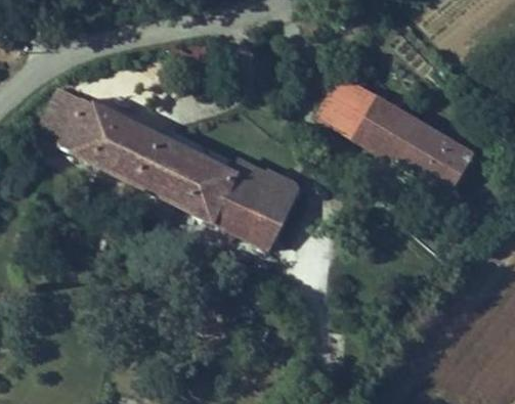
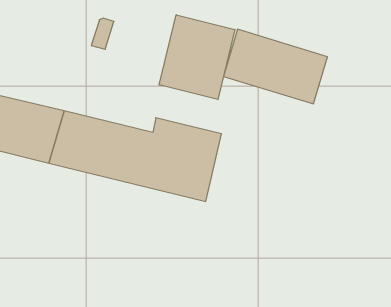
building: none -> [159,15,235,100]
building: [399,119,475,189] -> none

